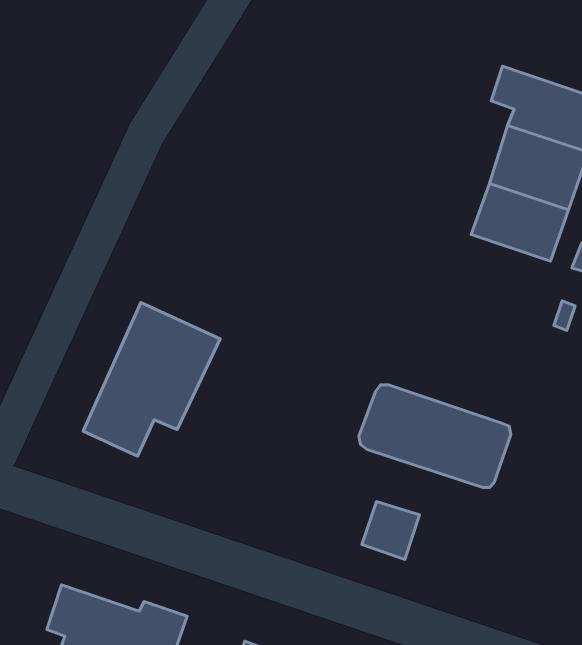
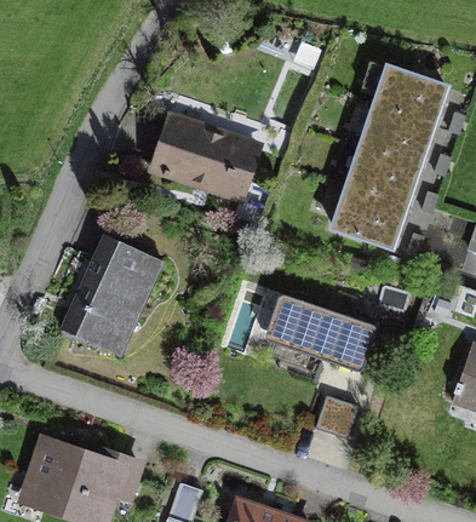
building: none -> [155,119,258,196]
building: none -> [333,185,406,247]
building: [362,502,420,559] -> [316,396,359,438]

